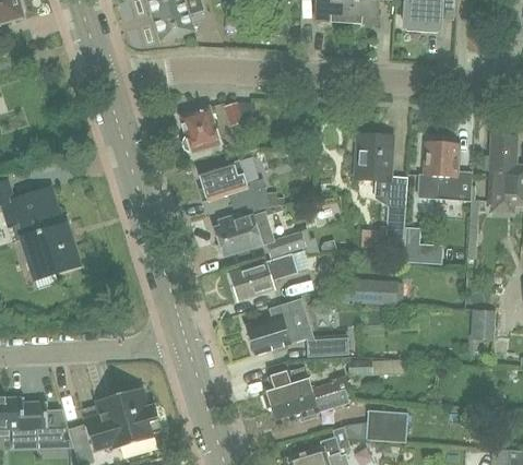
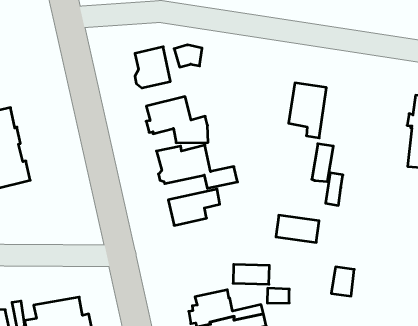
building: [418,138,474,202] -> none
building: [248,303,306,354] -> none
building: [472,310,495,341] -> [331,267,354,296]

